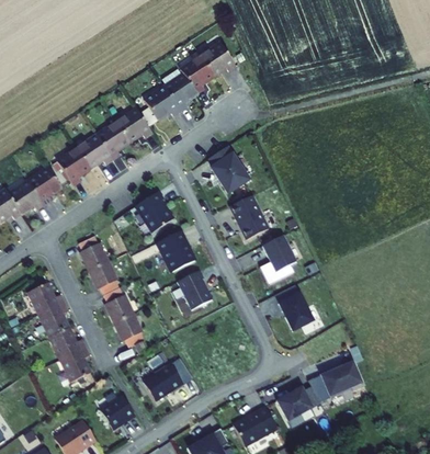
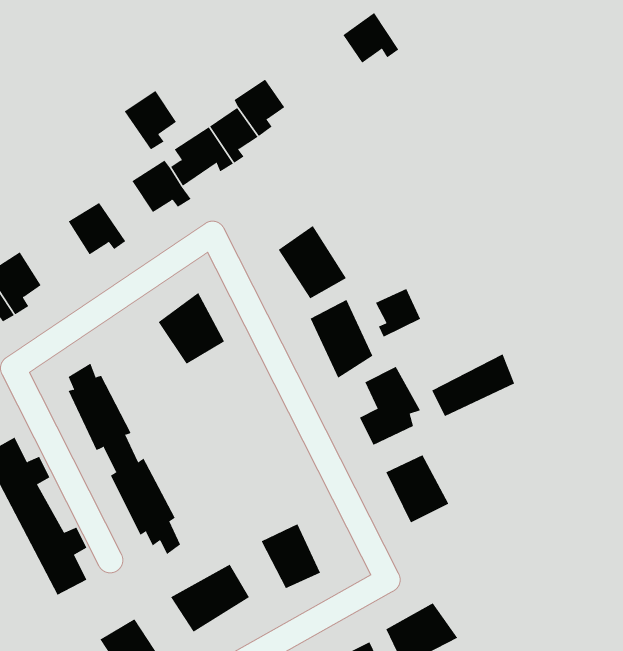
building: [201,43,236,75] -> [343,12,399,63]
building: [98,121,131,158] -> [124,90,177,150]
building: [58,146,91,184] -> none
building: none -> [375,288,421,337]
building: none -> [431,354,515,417]
building: [156,232,196,272] -> none
building: [176,271,213,311] -> [261,524,321,589]
building: [318,361,363,398] -> none

